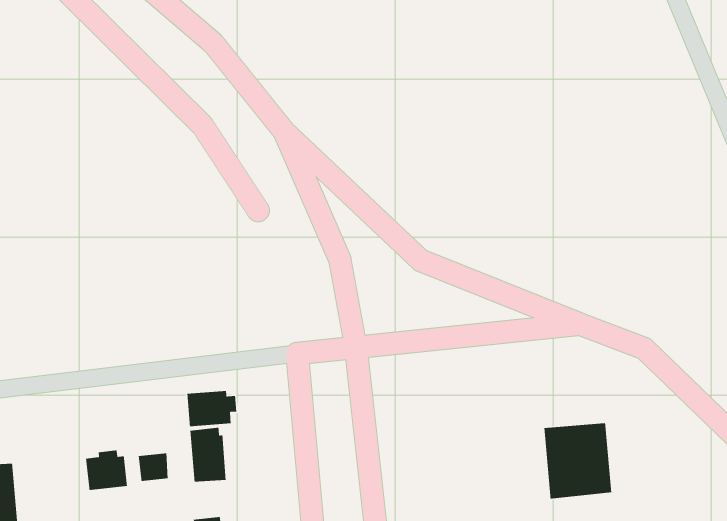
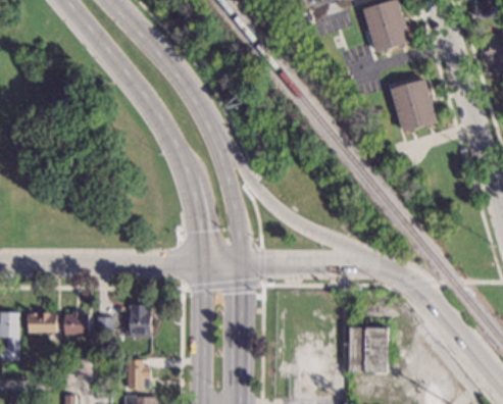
building: none -> [390,78,438,133]
building: [187,390,237,427] -> none
building: none -> [27,312,57,336]

